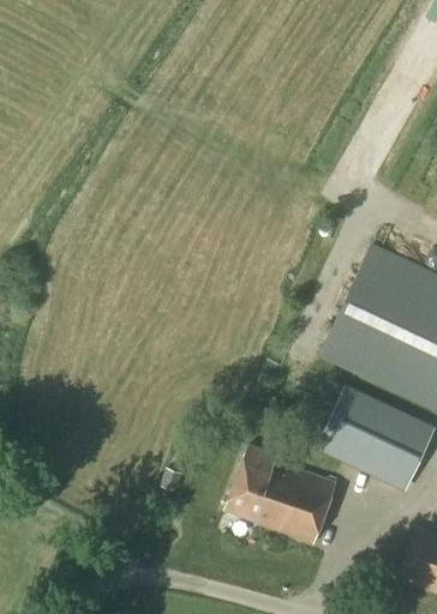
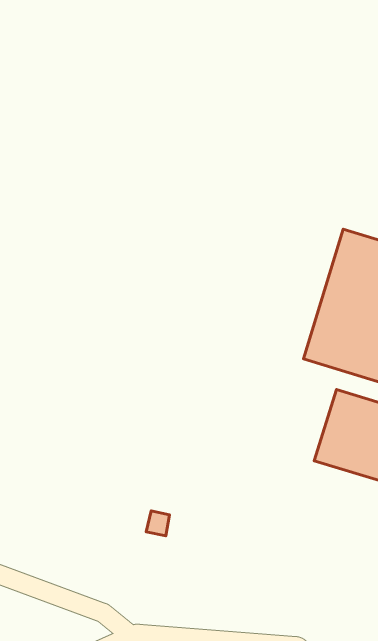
building: [225,445,336,543] -> none

